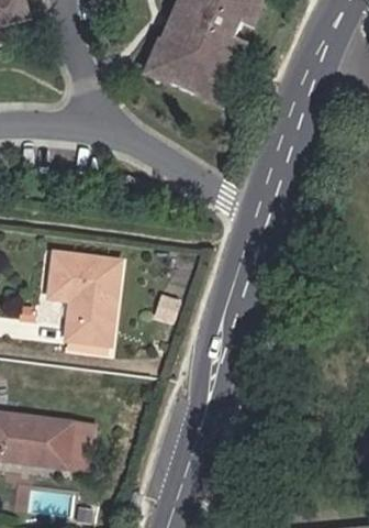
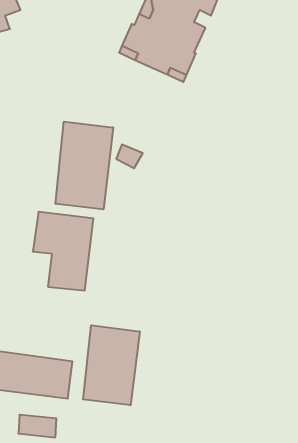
building: none -> [55,122,113,209]
building: none -> [83,325,140,405]

